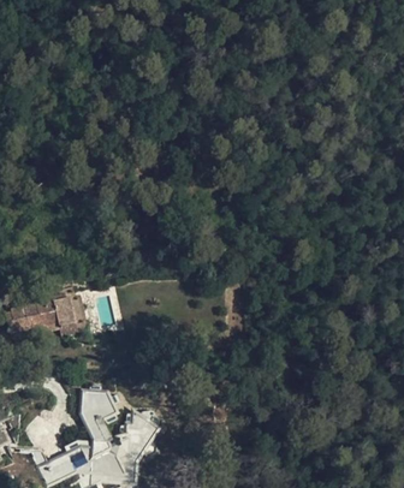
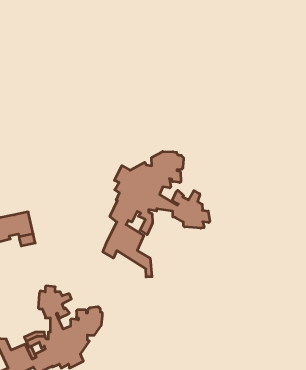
building: none -> [103,151,210,277]

